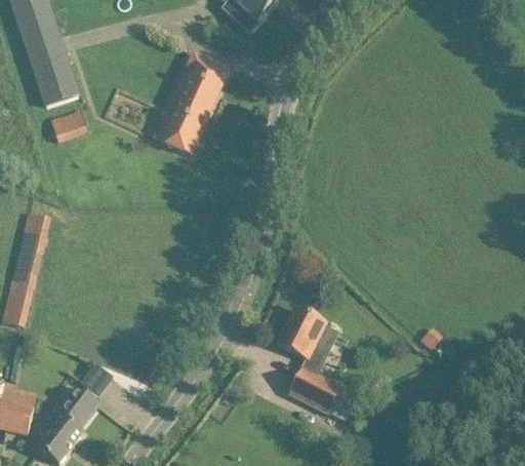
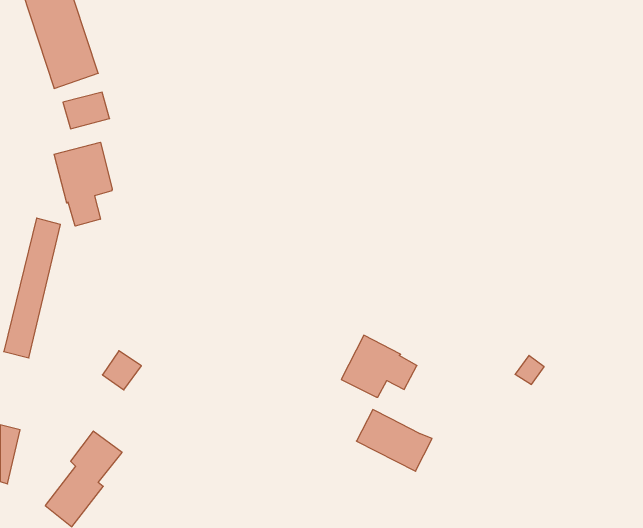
building: [162,52,230,154] -> none
building: none -> [54,142,112,226]
building: [80,362,112,394] -> [102,351,141,390]
building: [6,389,37,433] -> none

